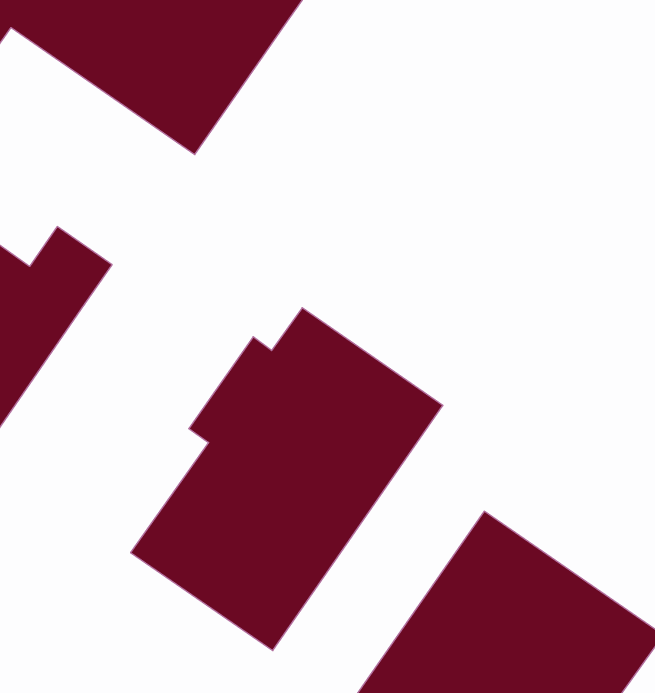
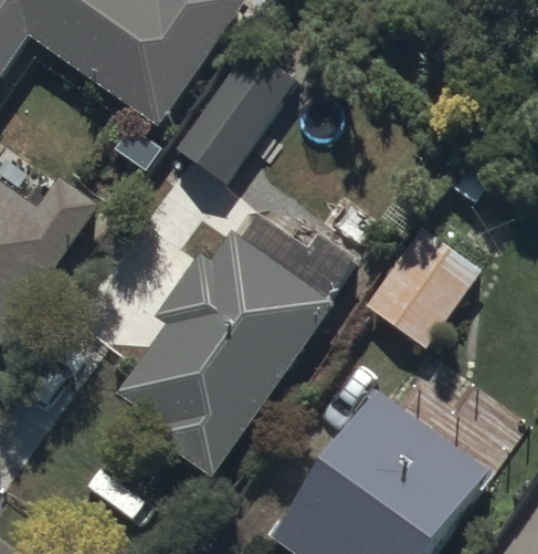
building: none -> [169,39,294,179]
building: none -> [367,224,481,345]

